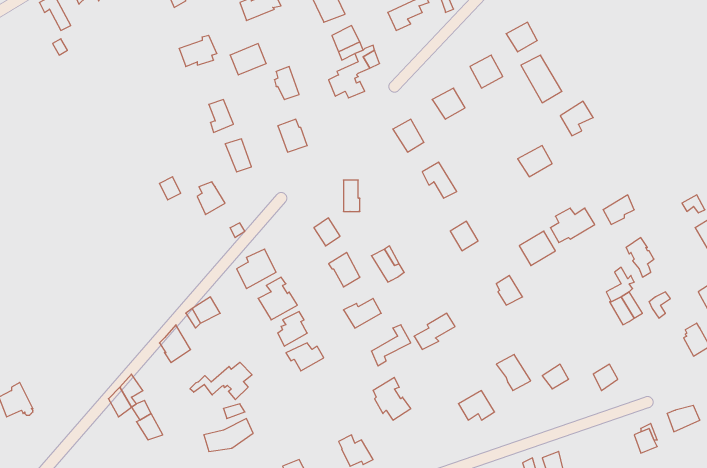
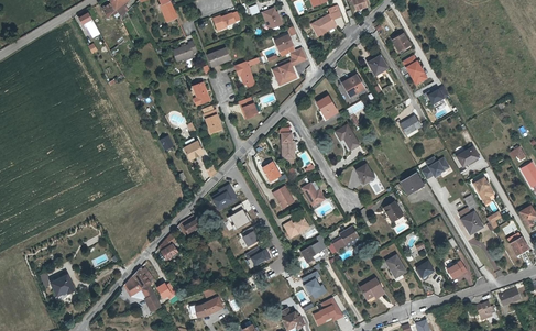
building: [190,362,252,400] -> none
building: none -> [311,296,343,324]

